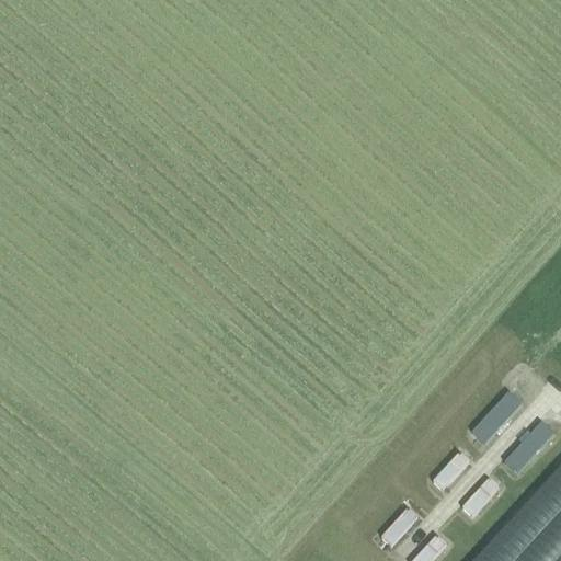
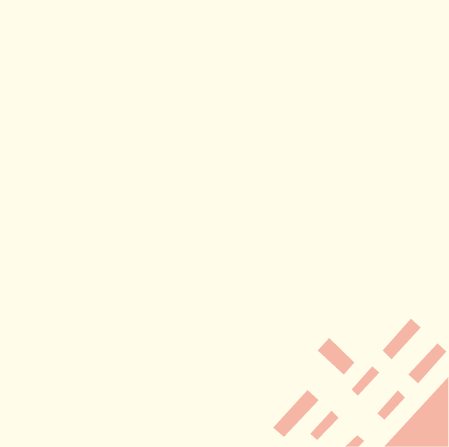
building: none -> [317,337,355,375]
building: none -> [272,389,320,438]

